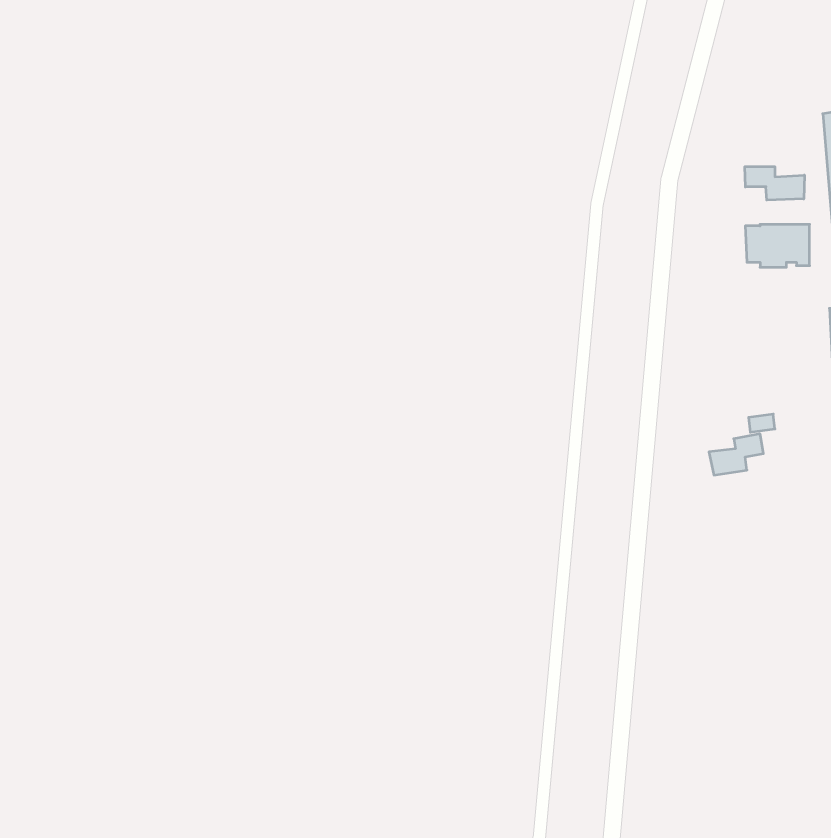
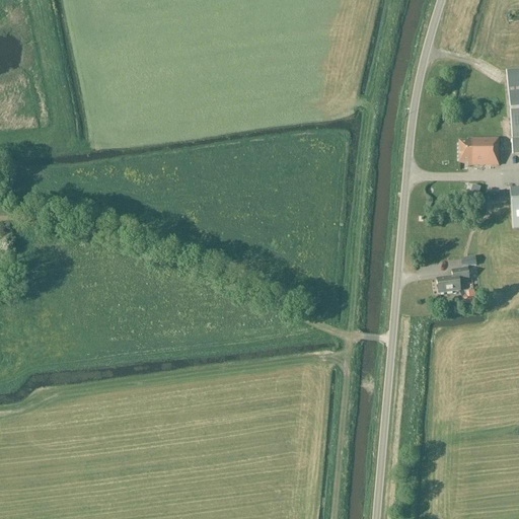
building: [745,167,804,200] -> none

